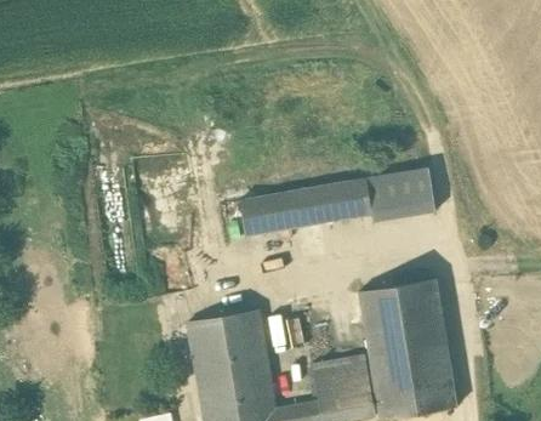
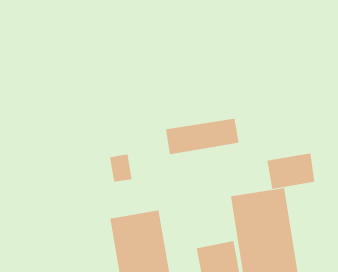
building: [366,169,435,221] -> [267,153,315,190]
building: [240,195,273,235] -> [109,154,132,182]

